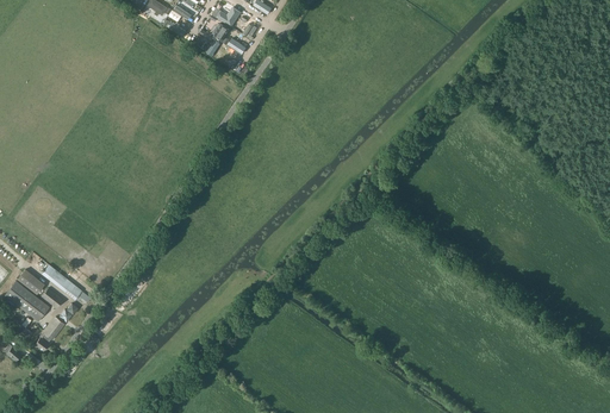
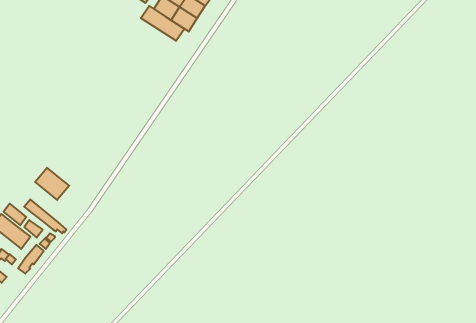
building: none -> [141,6,184,41]
building: none -> [35,168,69,200]

